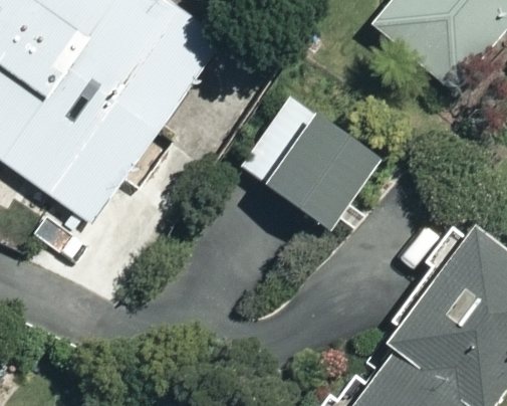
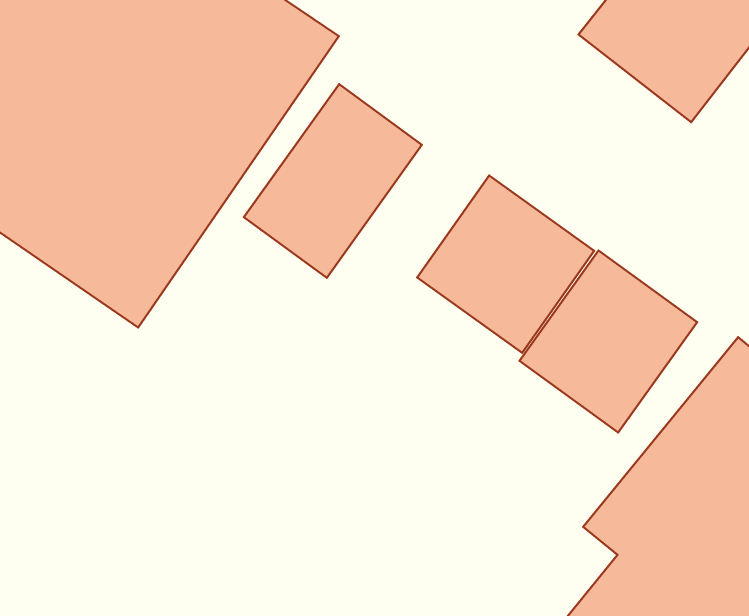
building: none -> [244,84,422,278]
building: none -> [519,250,697,433]

